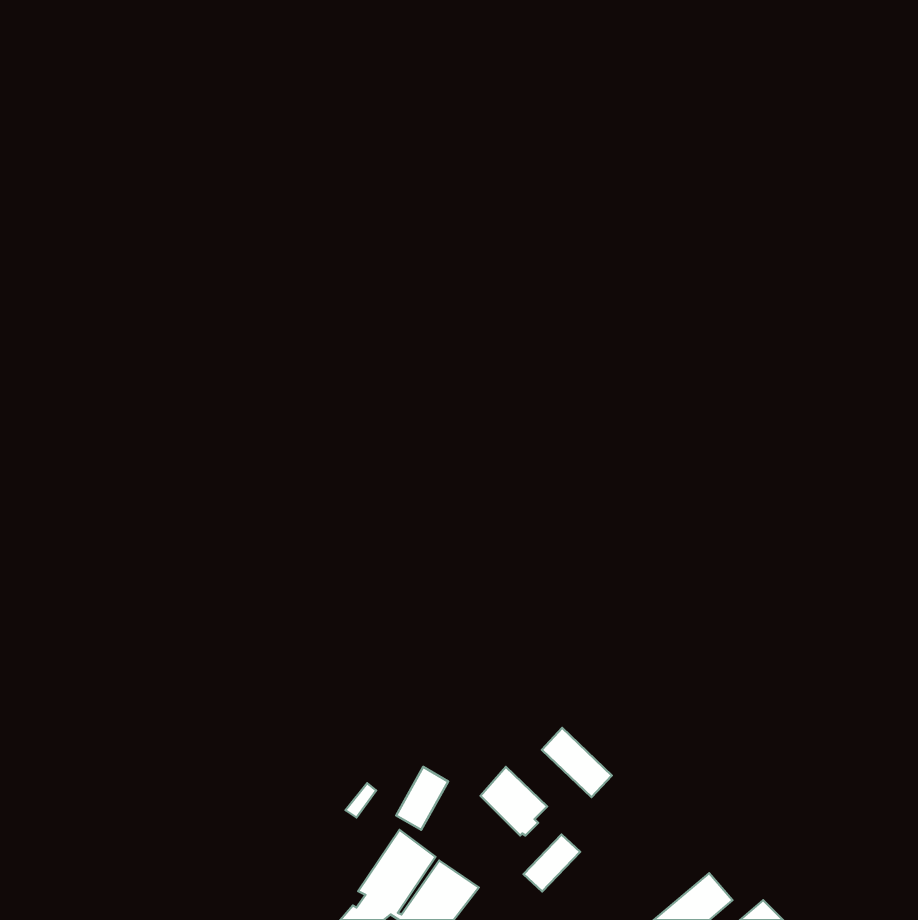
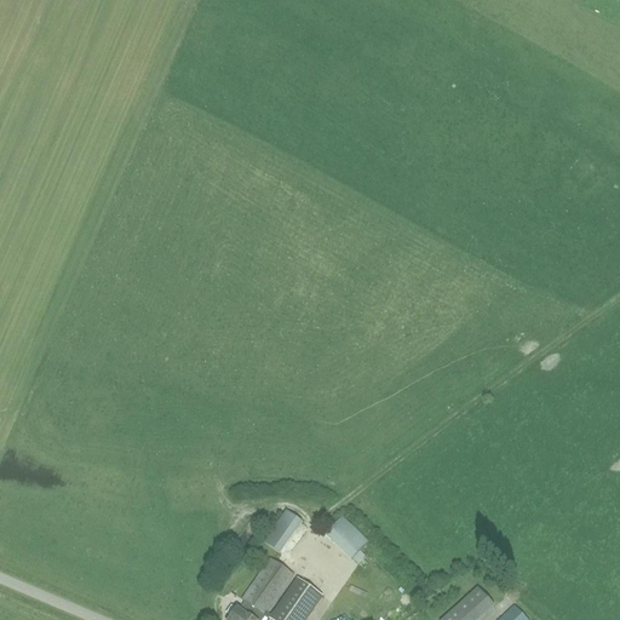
building: [542,728,612,797] -> none
building: [524,834,580,891] -> none

